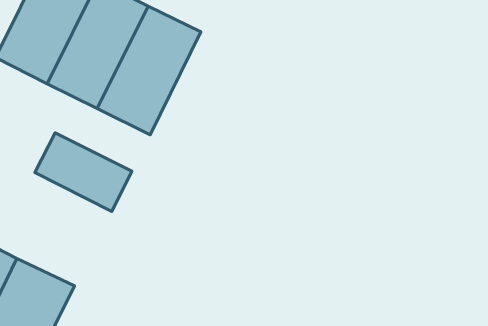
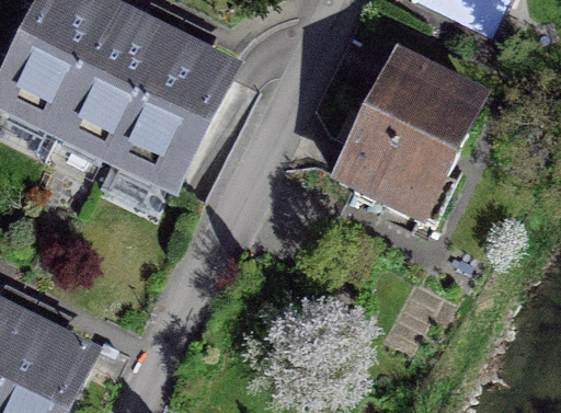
building: none -> [339,61,483,219]
building: [35,133,132,211] -> none

